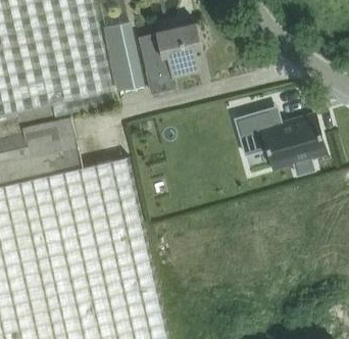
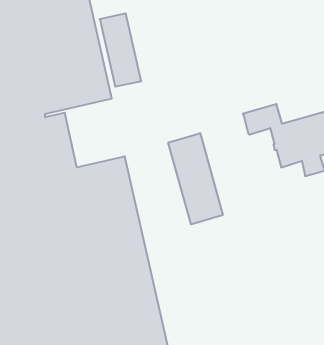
building: [138,22,202,94] -> none
building: none -> [168,133,223,224]

